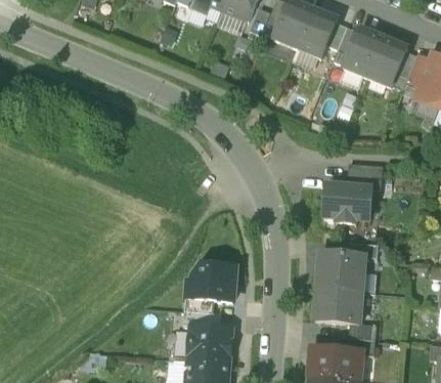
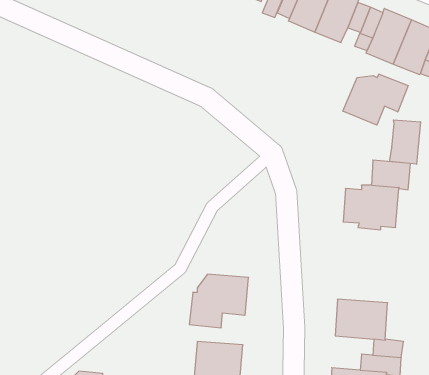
building: none -> [343,74,408,125]
building: none -> [390,120,420,164]
building: [317,241,378,292] -> none
building: [183,309,221,327] -> none

